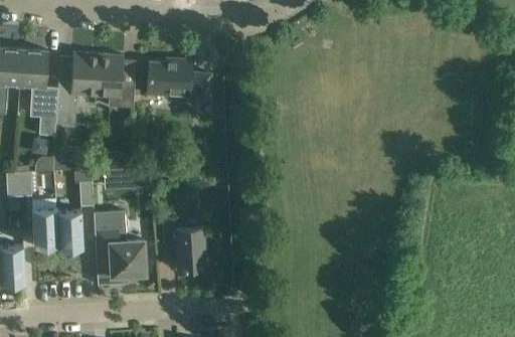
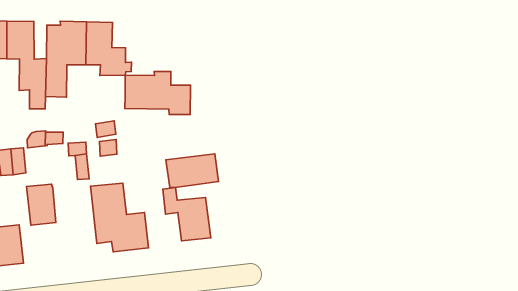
building: [147,59,211,103] -> [125,71,191,115]
building: none -> [166,154,218,188]
building: [57,210,83,249] -> none

